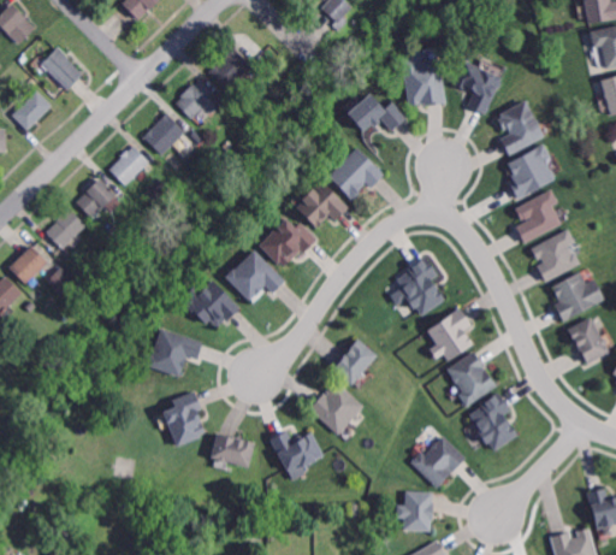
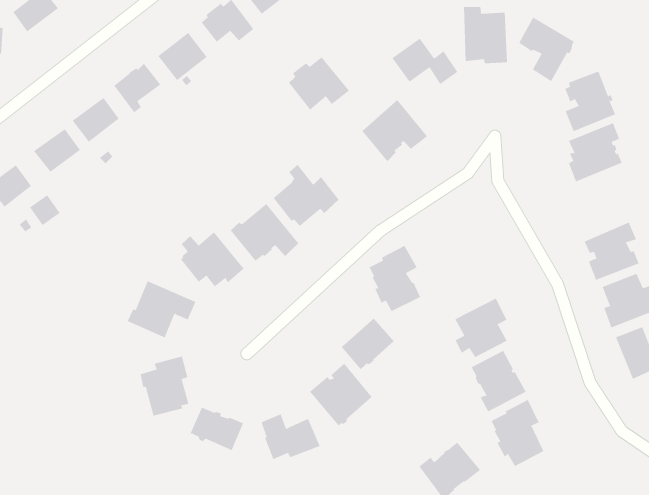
building: [294,182,348,230] -> [288,56,350,111]
building: [514,189,562,244] -> none
building: [396,258,444,317] -> [369,245,421,312]

